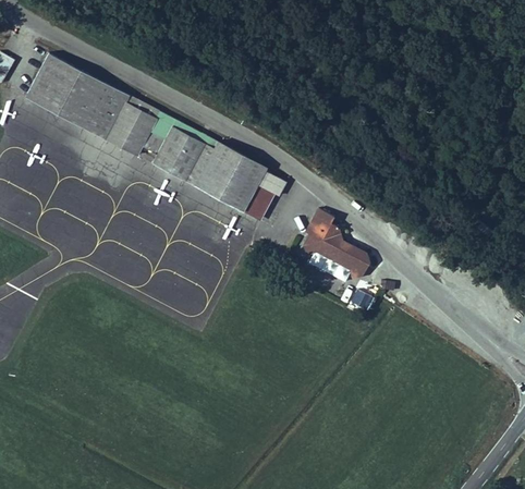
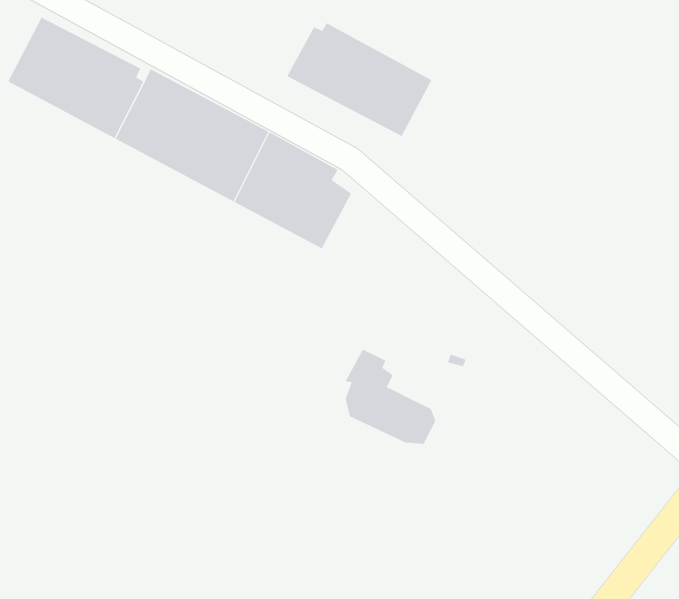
building: none -> [287,23,432,137]
building: [304,208,371,279] -> [345,349,436,444]

